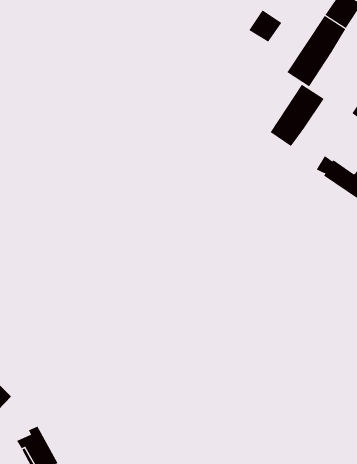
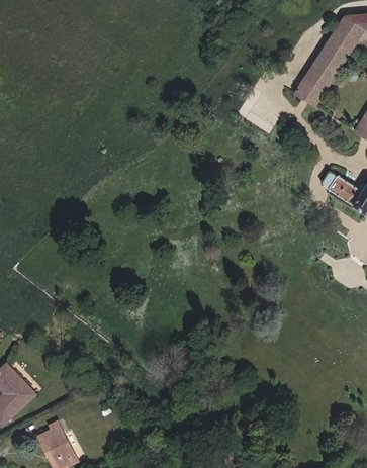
building: [249,10,282,43] -> none
building: [270,84,324,147] -> none

